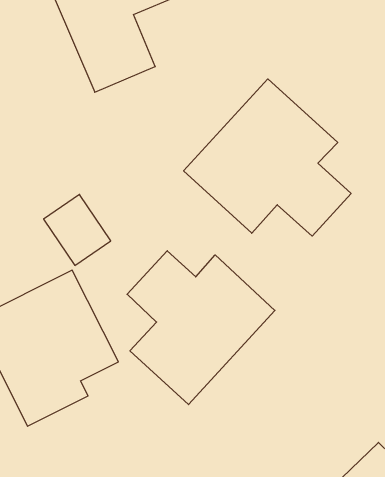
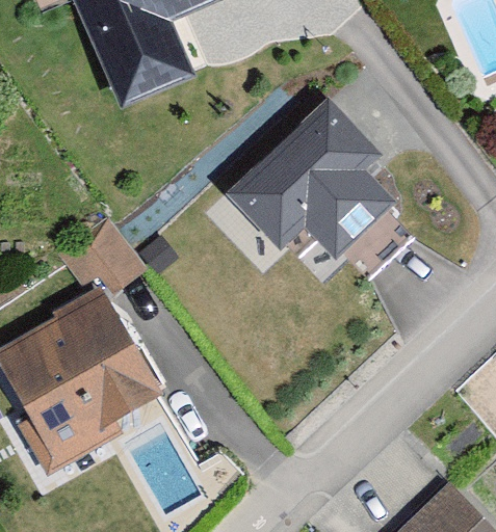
building: [127,251,275,405] -> none

